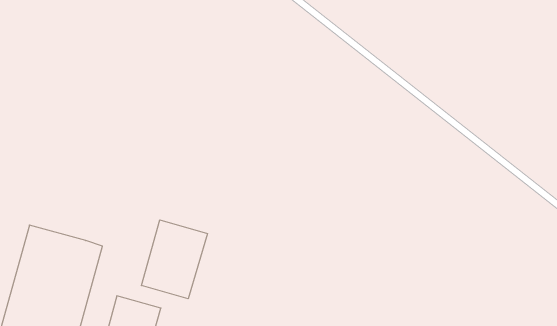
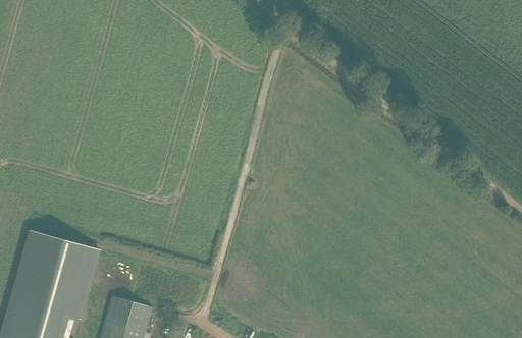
building: [141,220,208,299] -> none

